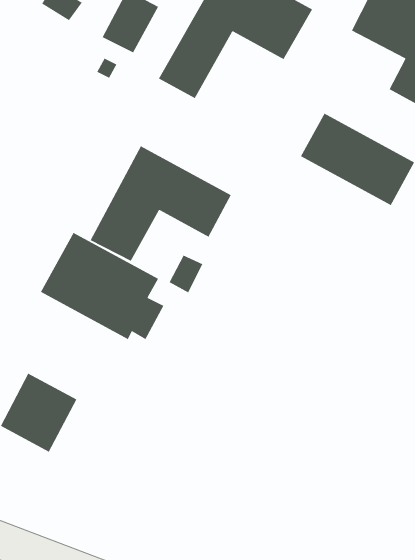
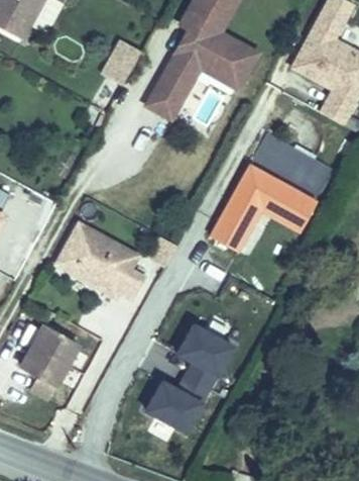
building: [90,145,232,262] -> [210,165,317,253]
building: none -> [144,323,233,434]

